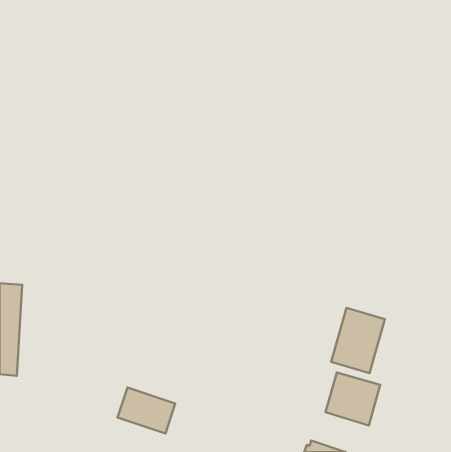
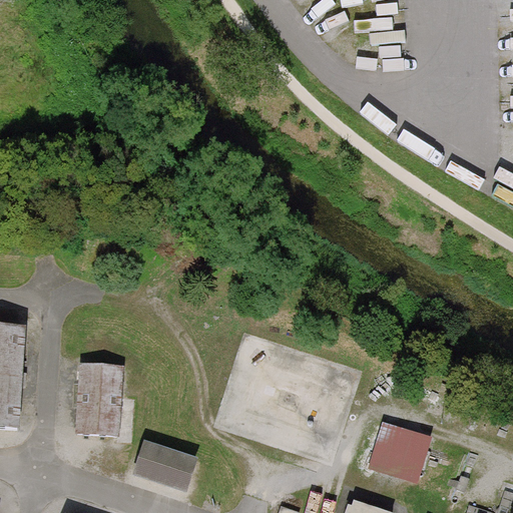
building: [331,308,385,373] -> none
building: none -> [75,362,124,436]

